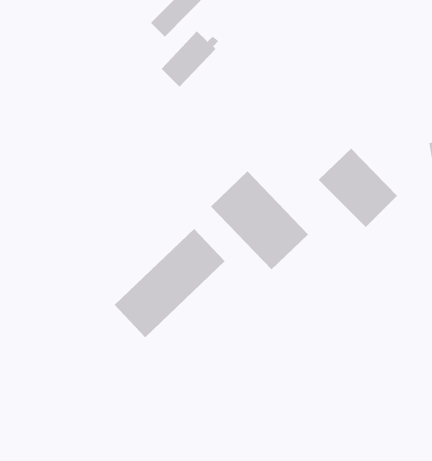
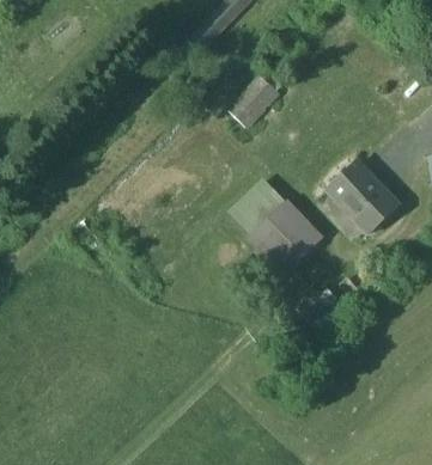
building: [161,30,219,88] -> [227,75,280,127]
building: [114,228,226,338] -> none

